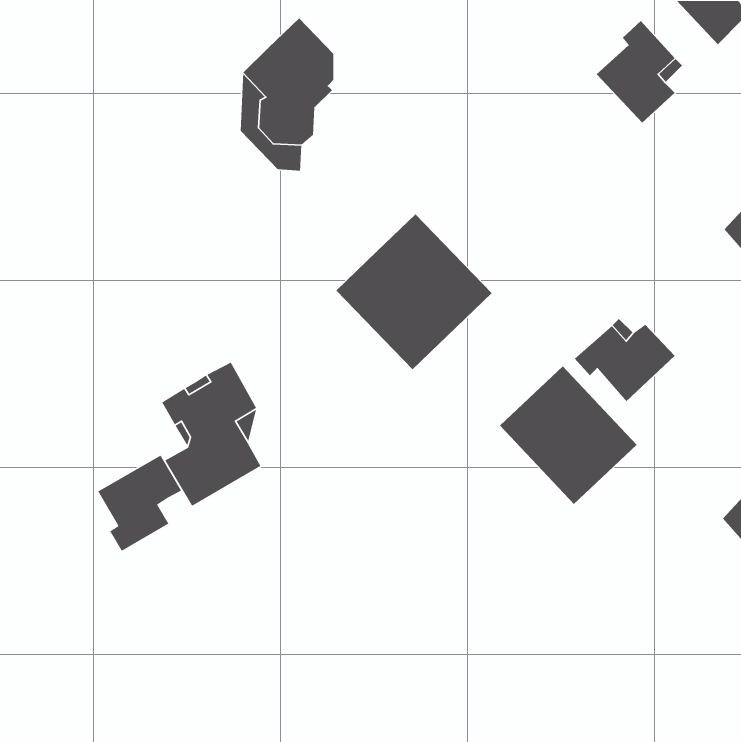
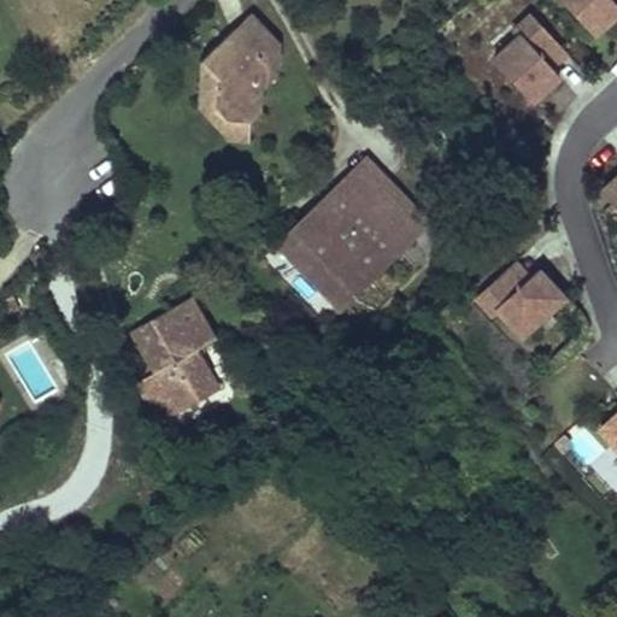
building: none -> [346,157,431,243]
building: [499,366,637,505] -> none
building: [97,455,182,552] -> none

